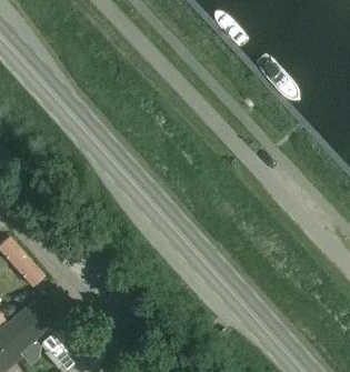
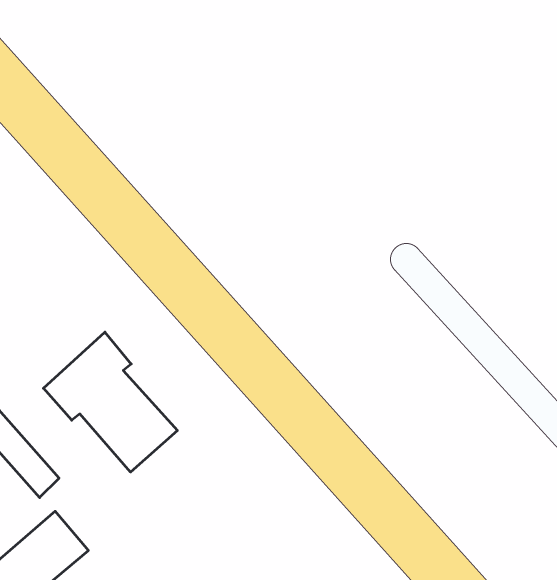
building: none -> [43,332,177,472]

